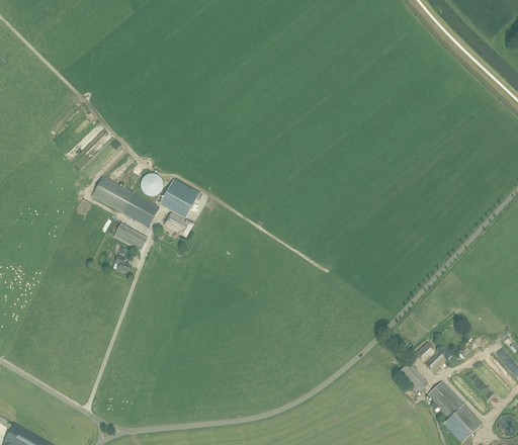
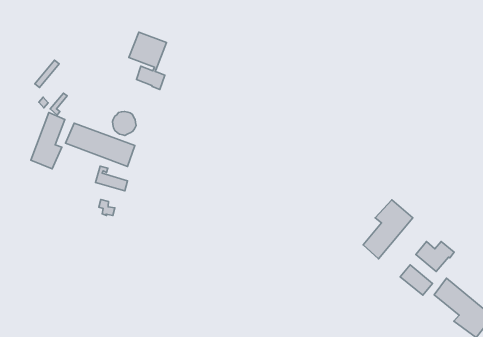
building: none -> [31,112,65,169]
building: [160,179,198,238] -> [129,32,166,89]
building: none -> [363,200,413,259]

